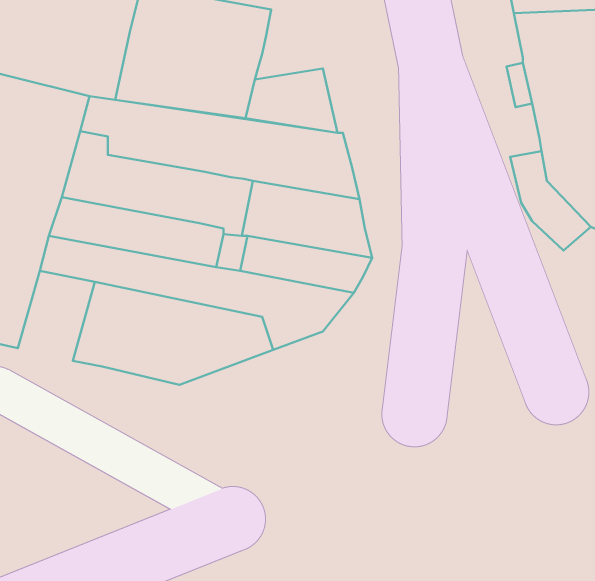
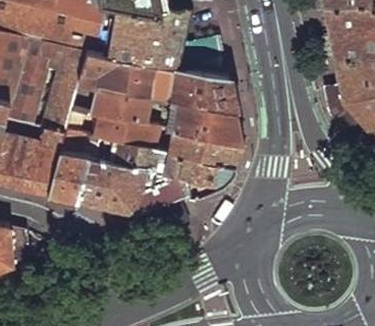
building: none -> [95,87,152,124]
building: none -> [49,151,92,201]

